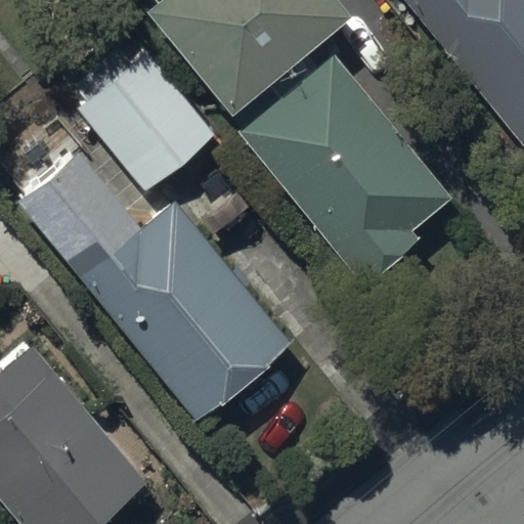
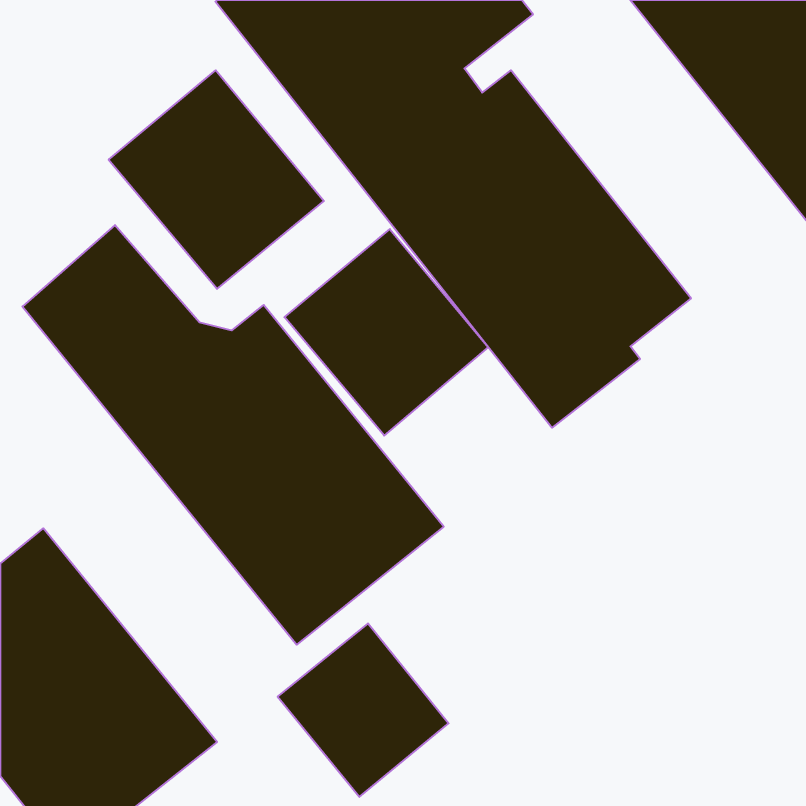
building: none -> [284,229,488,436]
building: none -> [278,623,449,797]

